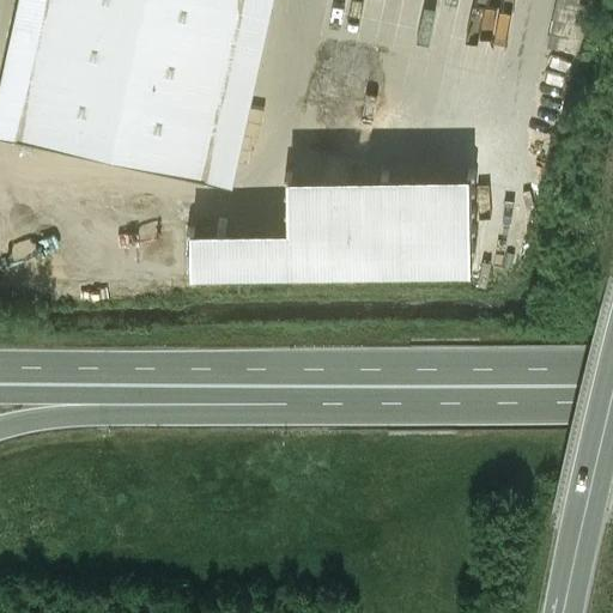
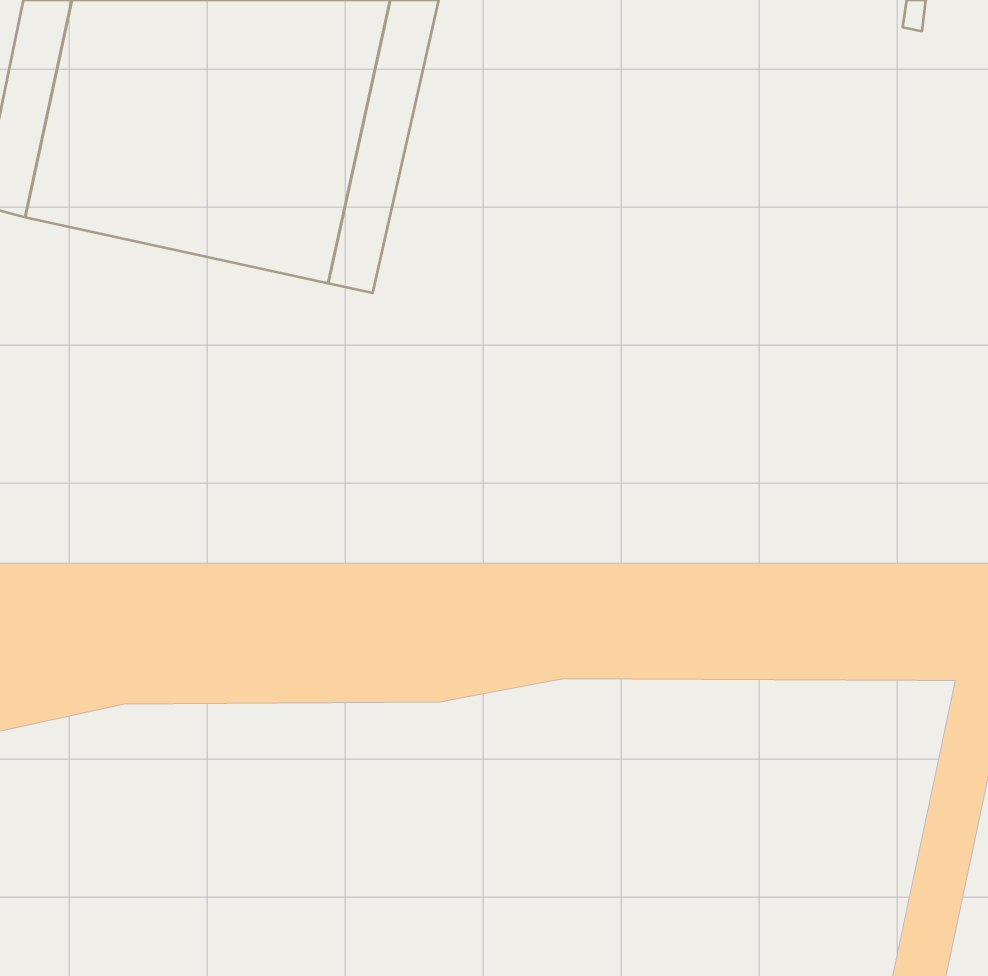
building: [189,180,468,279] -> none

